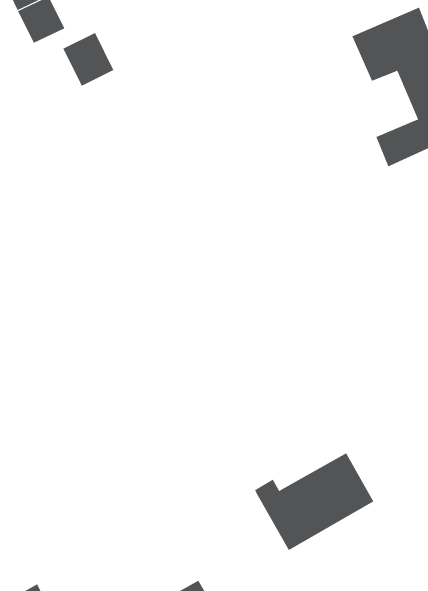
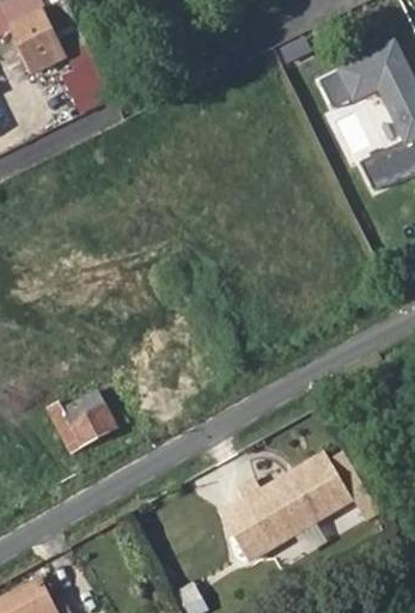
building: none -> [49,390,118,451]
building: none -> [224,498,275,563]

